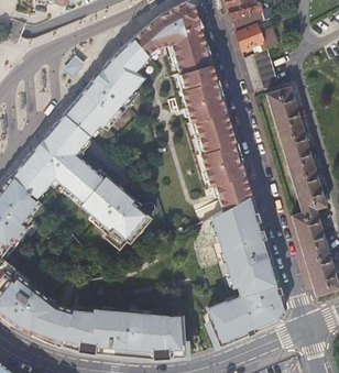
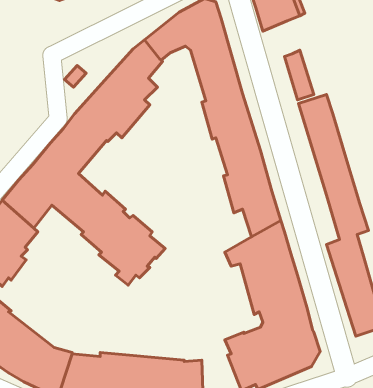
building: [236,22,277,51] -> none

